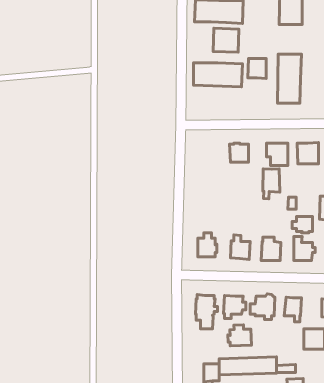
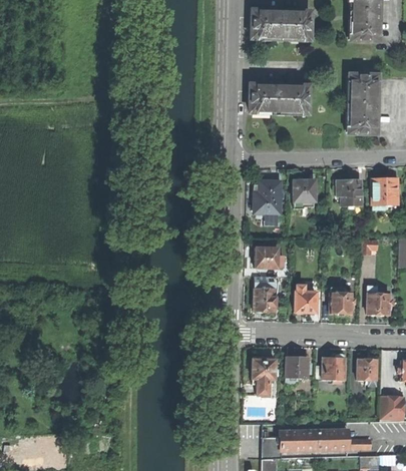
building: [213,28,239,52] -> none
building: [248,58,266,79] -> none
building: none -> [254,179,280,212]
building: [263,169,280,199] -> none
building: none -> [255,247,277,267]
building: [292,216,312,233] -> none
building: [228,325,251,346] -> none

